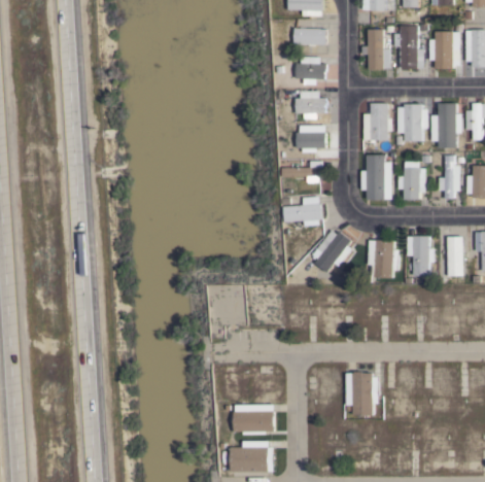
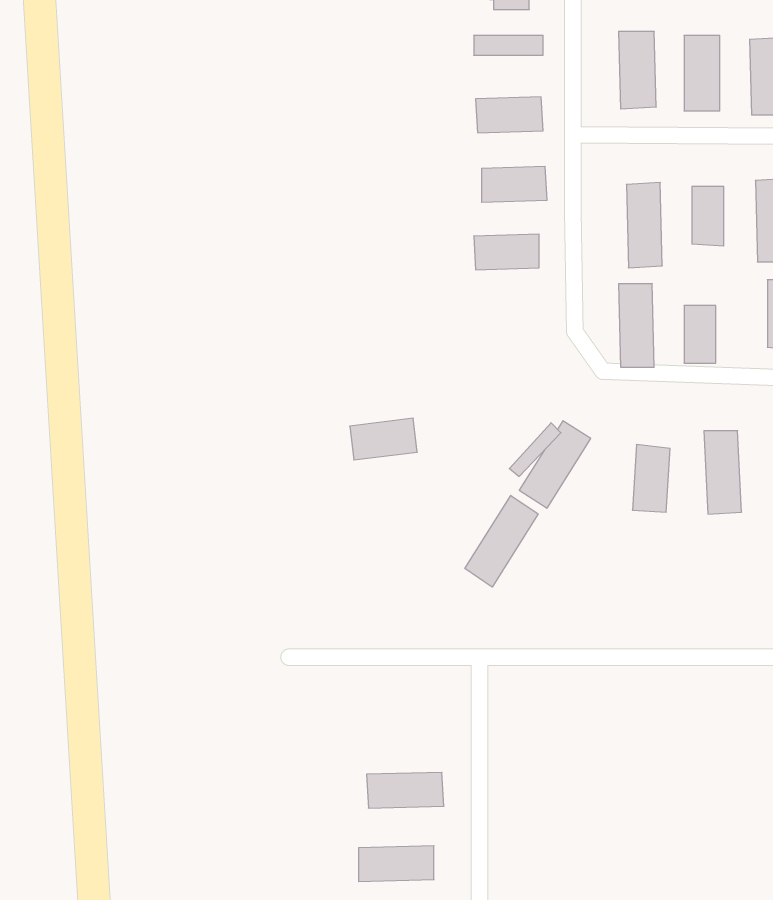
building: [284,203,319,225] -> [350,418,417,460]
building: none -> [465,495,538,587]
building: [353,374,372,413] -> none

